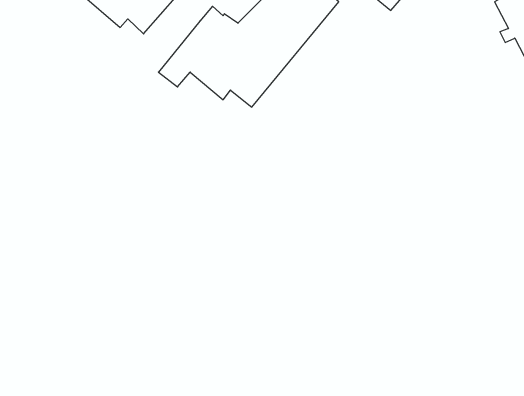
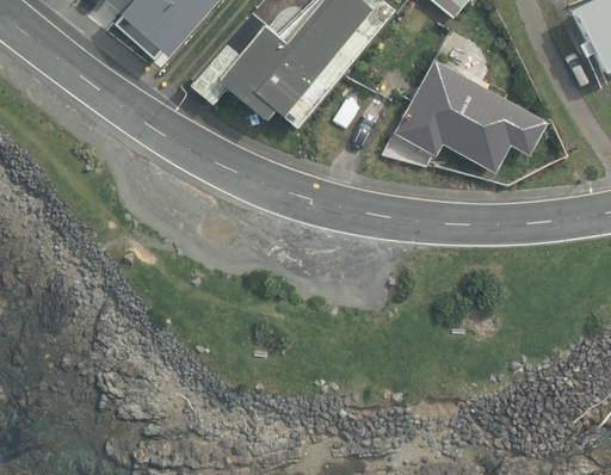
building: none -> [393,60,545,173]

